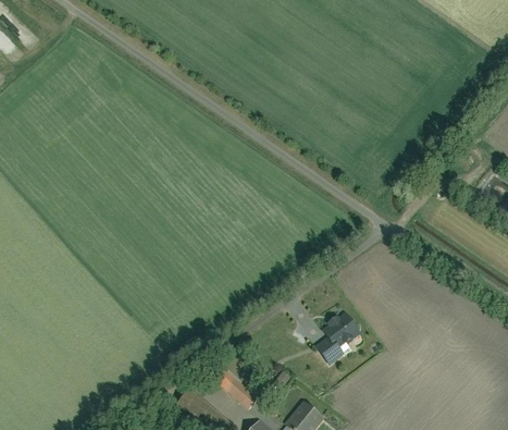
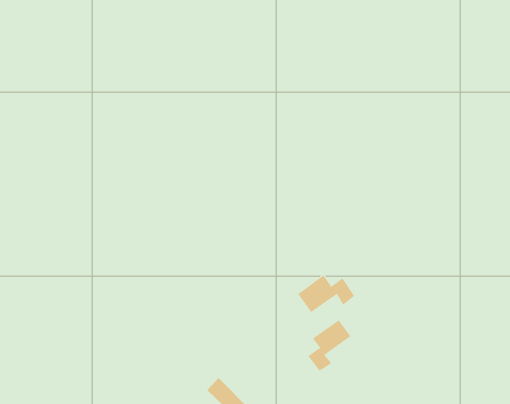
building: none -> [298,275,355,313]

